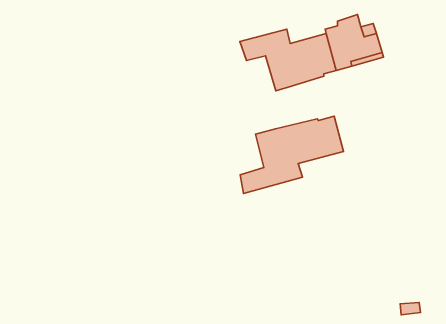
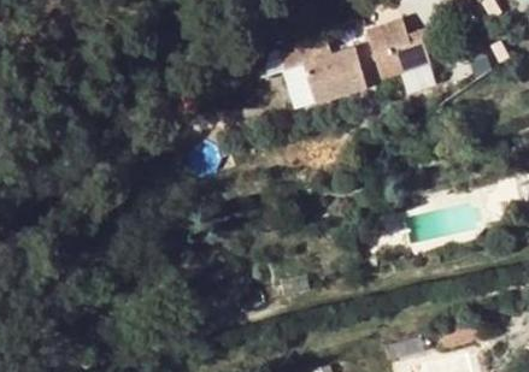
building: [240,116,344,194] -> none

